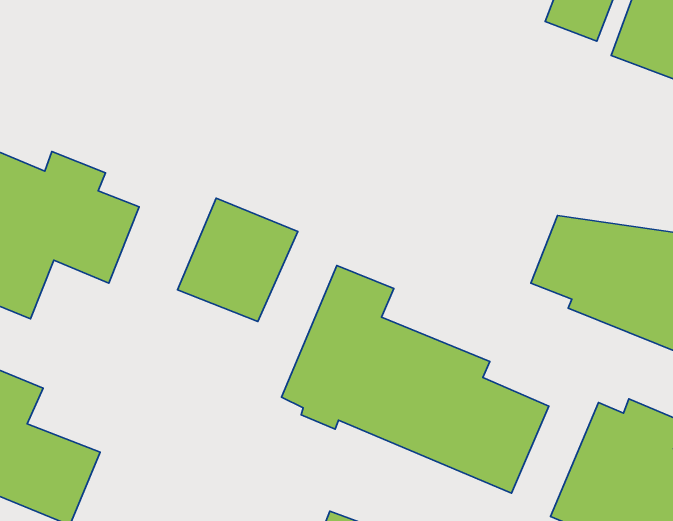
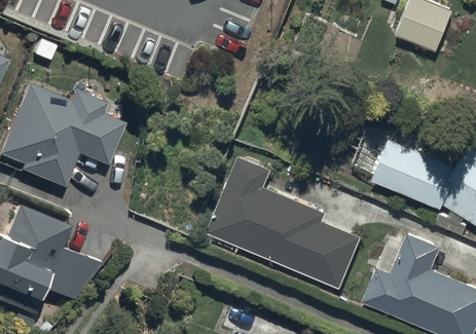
building: [178,198,298,322] -> none

